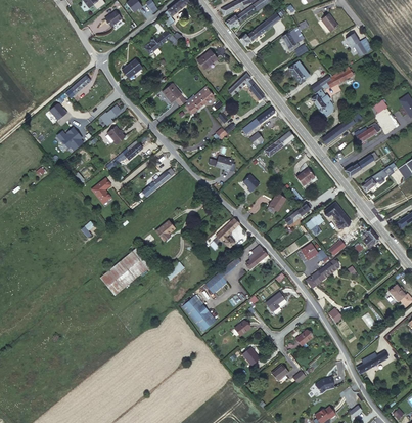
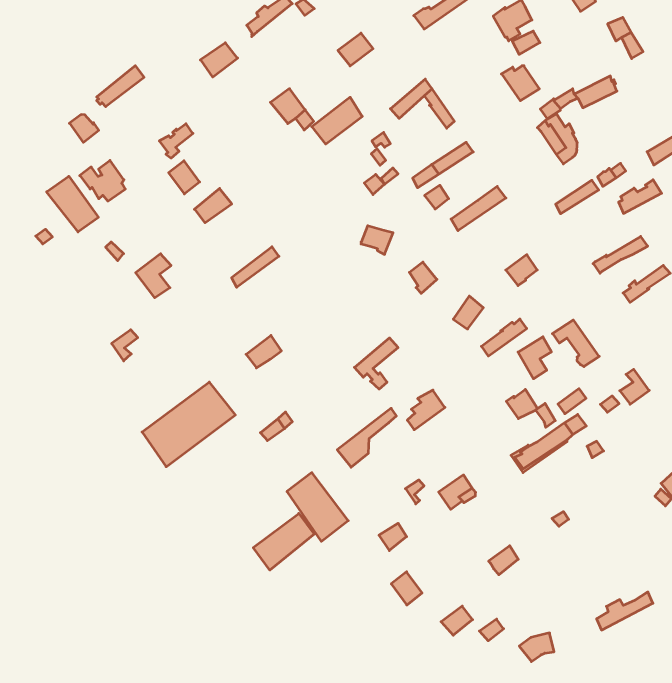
building: none -> [47,176,98,232]
building: none -> [253,513,314,570]

